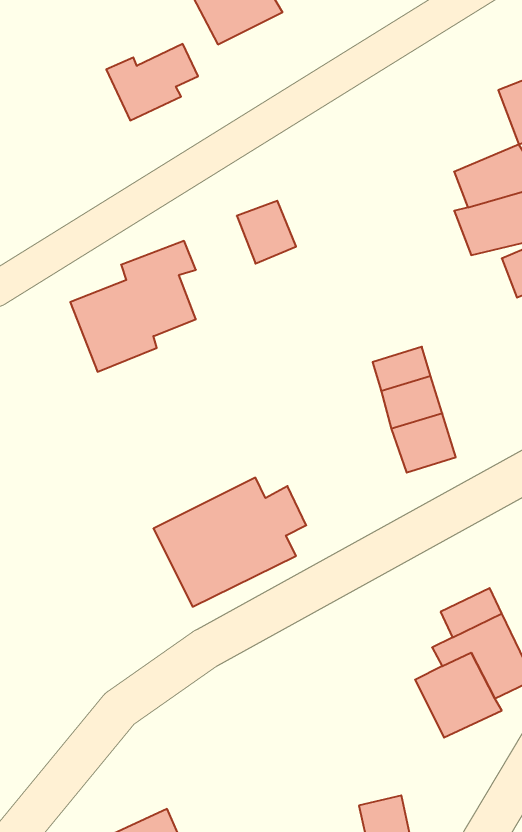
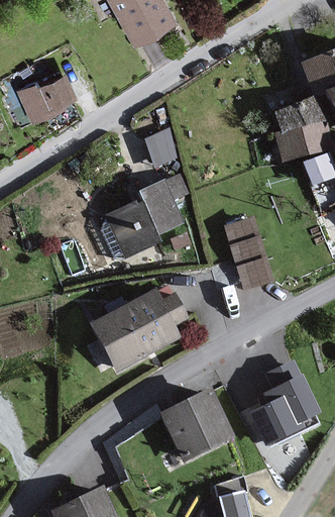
building: [106,44,198,120] -> [17,73,72,118]
building: [70,241,196,372] -> [106,178,181,255]
building: none -> [161,394,230,461]

